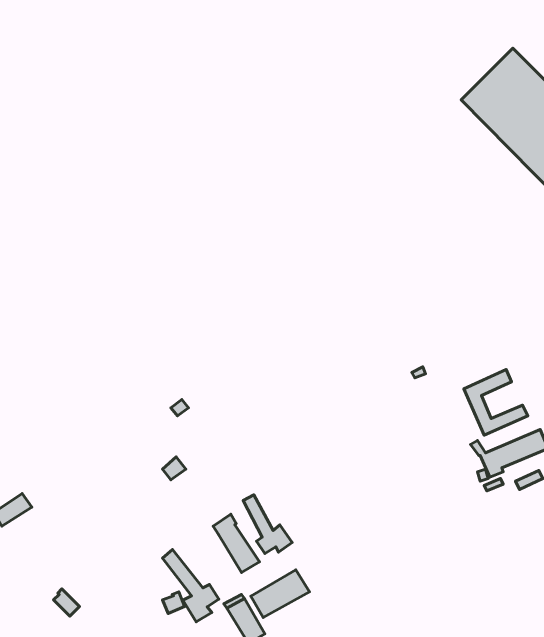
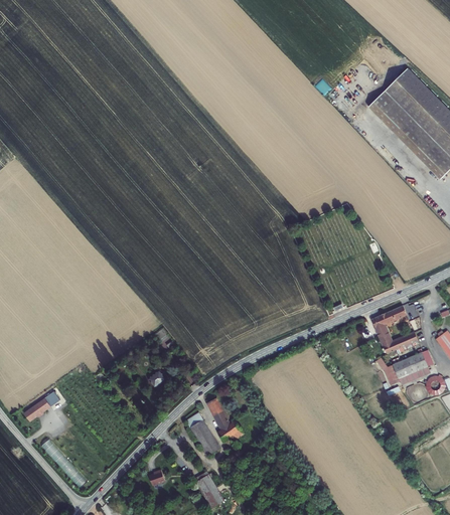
building: [162,550,219,622] -> none
building: [251,570,310,617] -> none

